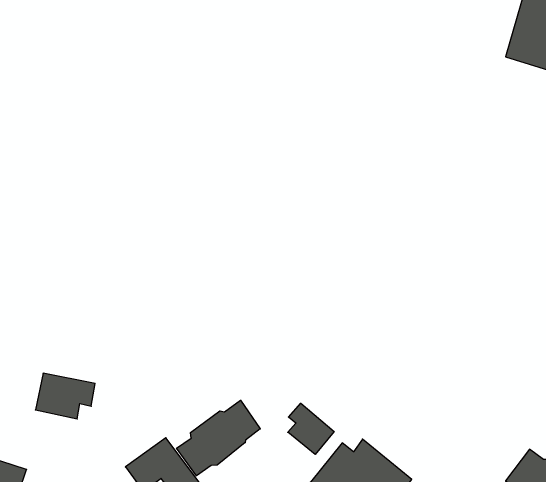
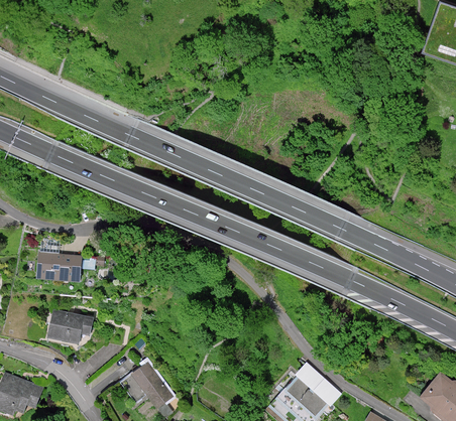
building: none -> [38,252,84,283]
building: [177,400,260,476] -> none
building: [288,403,334,454] -> none

